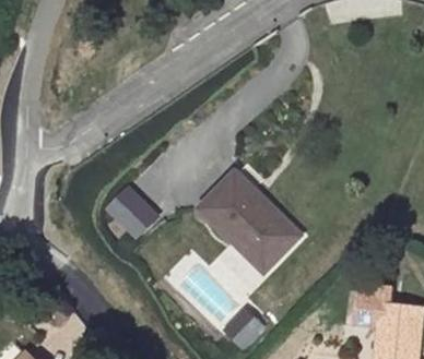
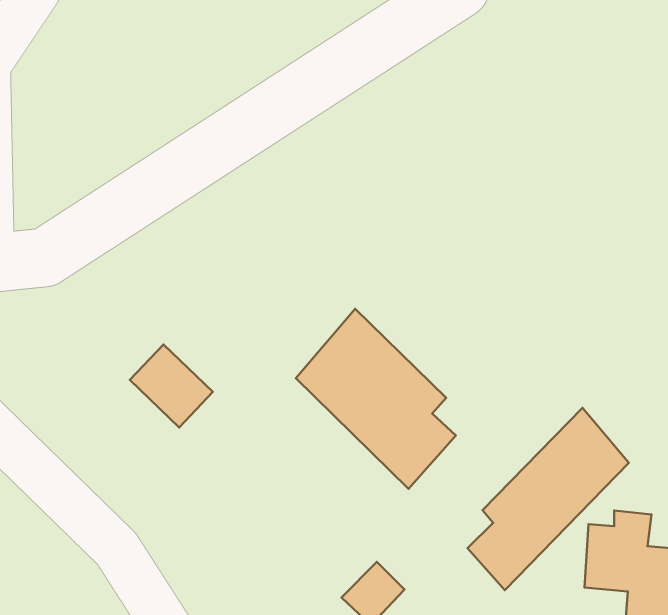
building: none -> [467,408,629,590]

